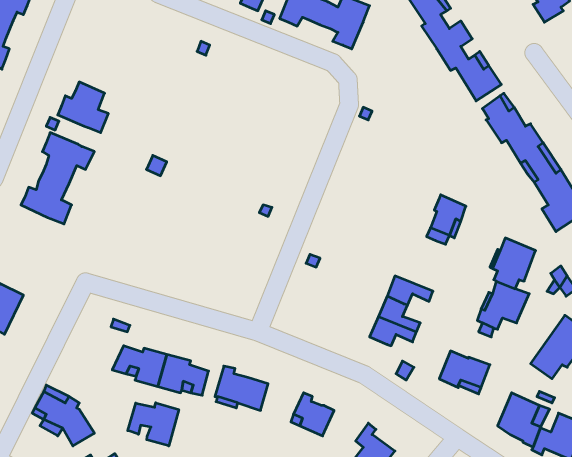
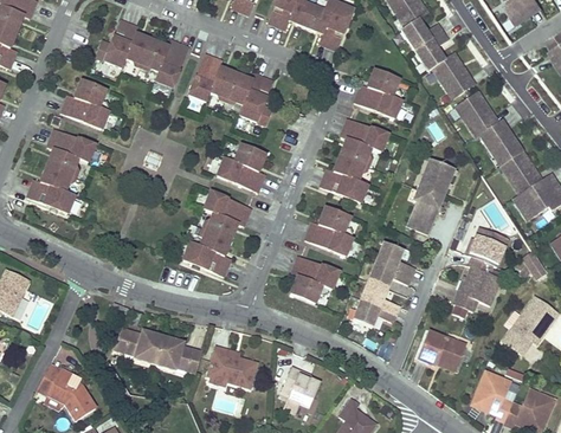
building: none -> [96,20,188,88]
building: none -> [188,54,272,124]
building: none -> [354,70,401,118]
building: none -> [320,118,388,202]
building: none -> [217,144,265,192]
building: none -> [419,159,454,196]
building: none -> [183,192,251,276]
building: none -> [305,207,353,256]
building: none -> [376,241,415,276]
building: none -> [291,256,340,303]
building: [128,403,179,446] -> none

